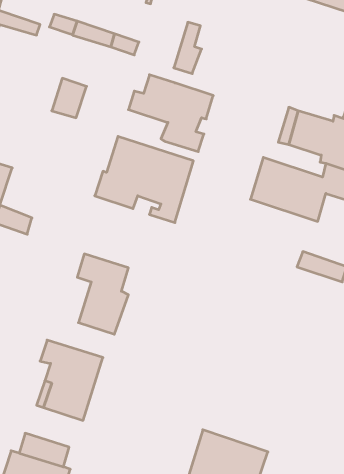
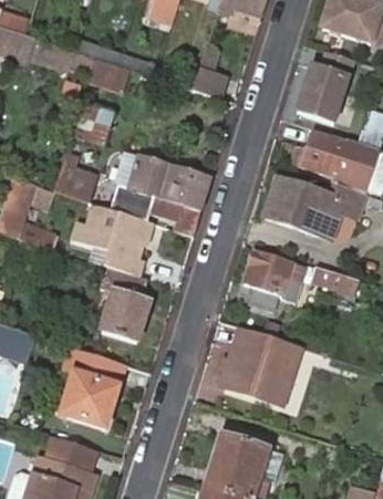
building: none -> [291,49,349,123]
building: [128,75,213,152] -> [73,205,154,278]
building: none -> [55,152,96,202]
building: none -> [245,247,293,306]
building: none -> [222,325,300,403]

